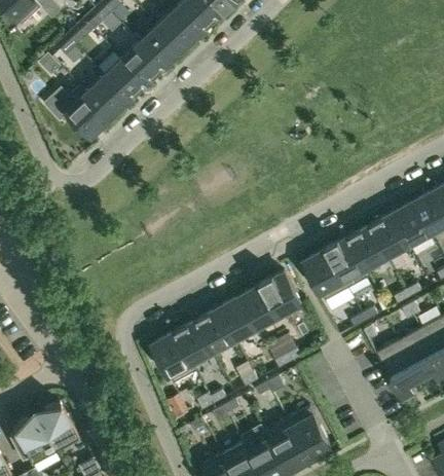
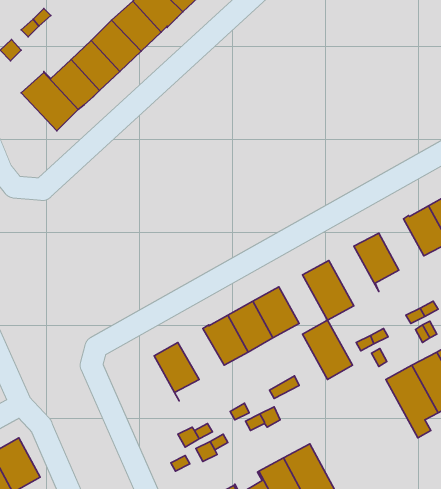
building: [370,213,409,257] -> none
building: [327,236,370,288] -> [303,320,353,379]
building: [196,307,236,352] -> none
building: [153,331,197,383] -> none

